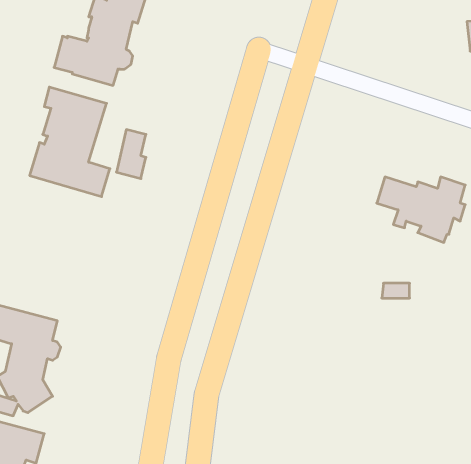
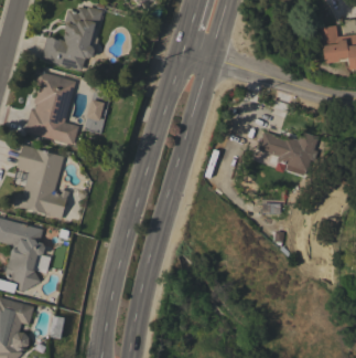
building: none -> [13,144,69,219]

